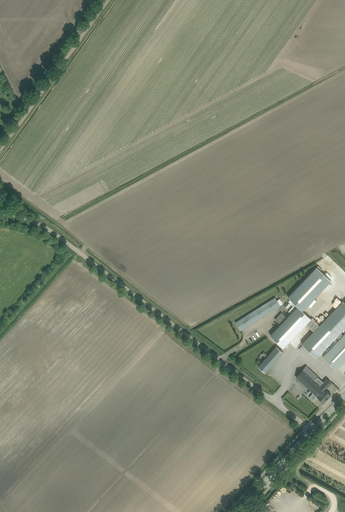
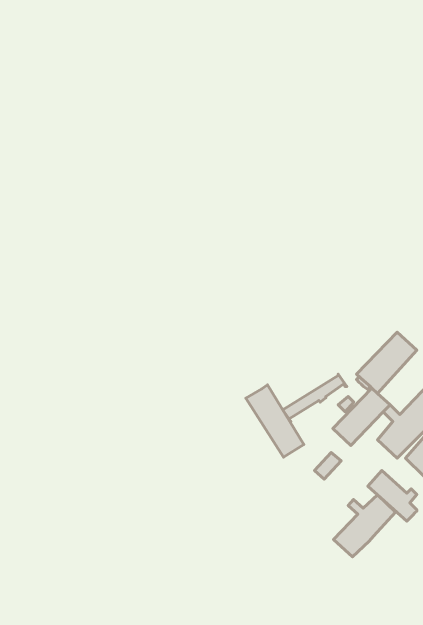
building: none -> [246,385,304,457]
building: none -> [334,495,395,557]

